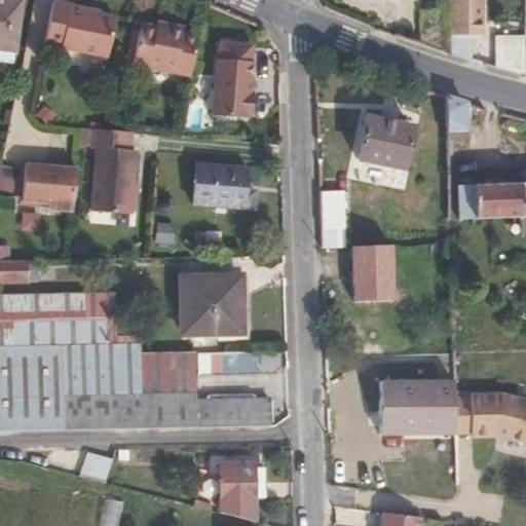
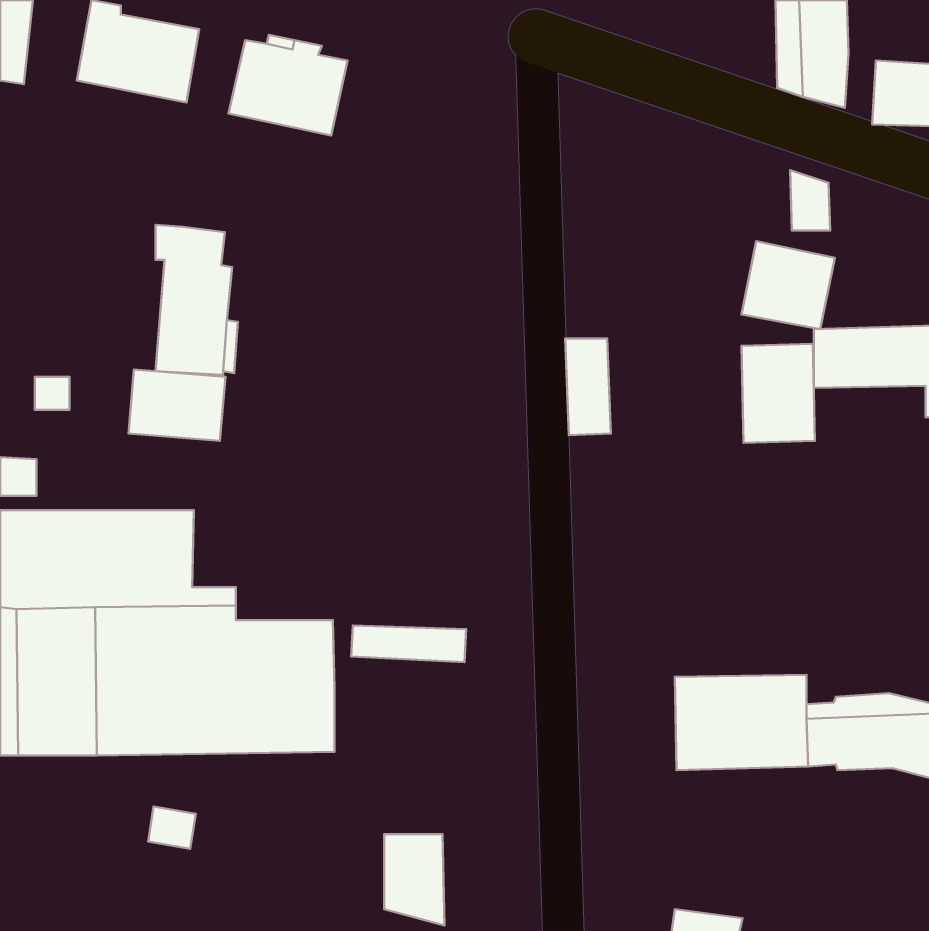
building: [215,40,259,115] -> none
building: [361,118,413,167] -> [741,241,835,329]
building: [192,164,257,210] -> none
building: [20,174,74,214] -> [128,370,225,441]
building: [358,249,399,304] -> [742,344,815,443]
building: [180,275,239,331] -> none
building: [191,383,267,424] -> none

